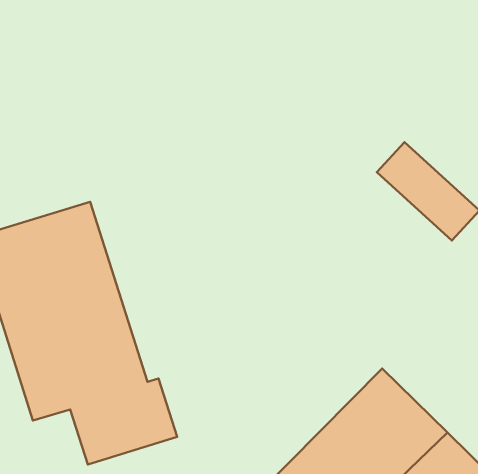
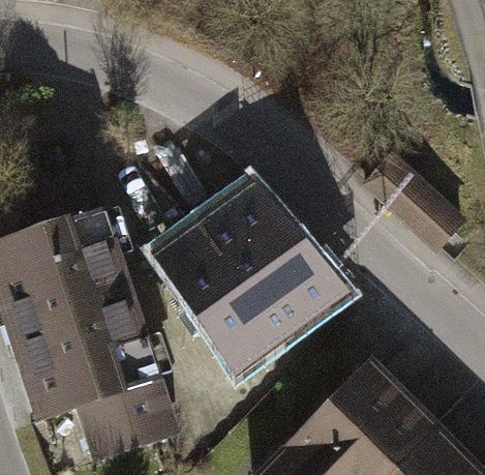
building: none -> [172,185,336,362]

